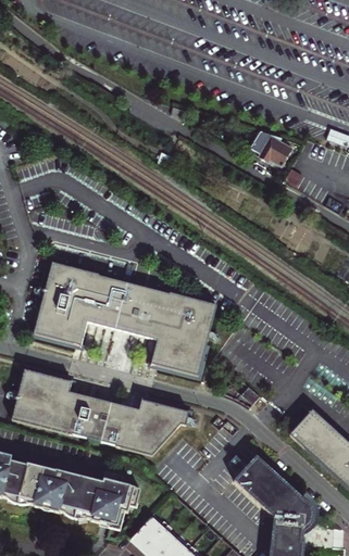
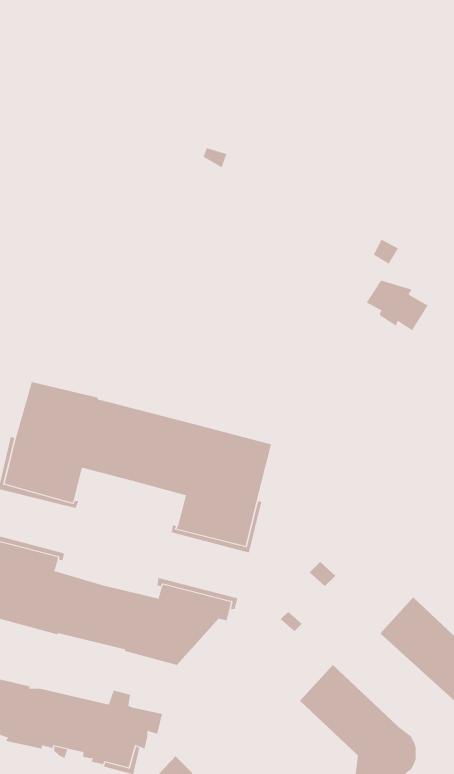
building: [248,130,290,165] -> [366,280,429,331]

